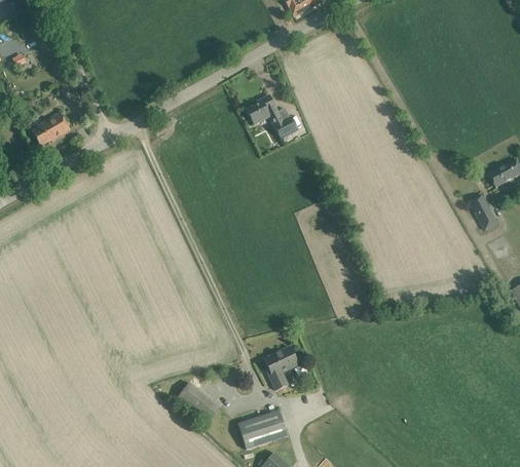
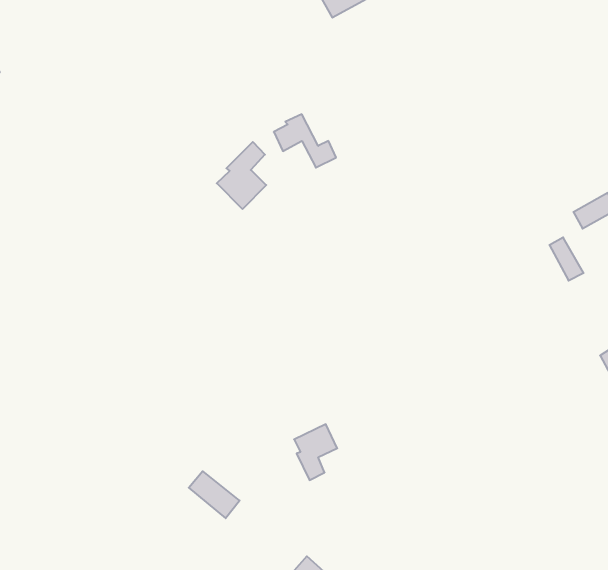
building: [32,112,70,146] -> none
building: none -> [217,142,266,209]
building: [237,408,288,450] -> none

